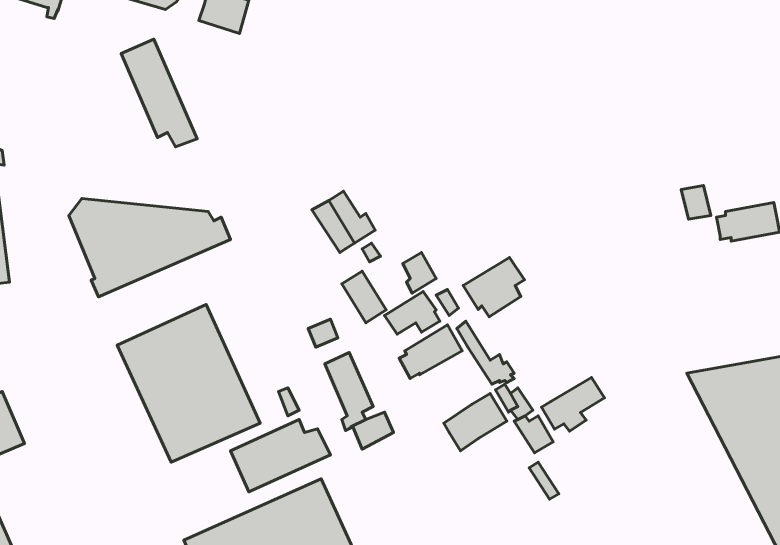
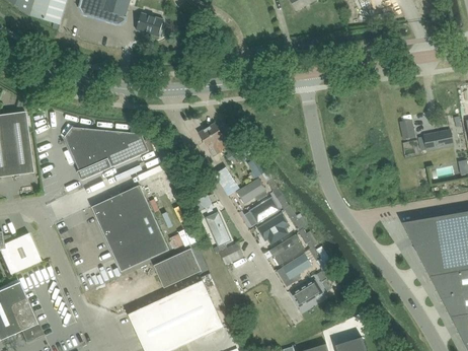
building: [121,39,197,147] -> none
building: [463,258,524,317] -> [256,212,290,244]
building: [542,377,605,431] -> [277,254,311,283]
building: none -> [291,279,322,306]

